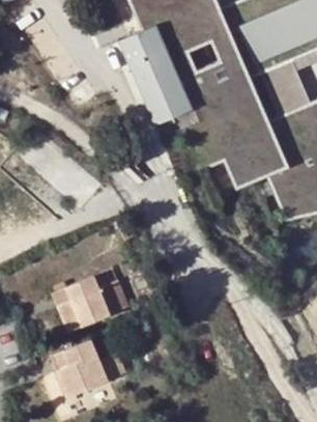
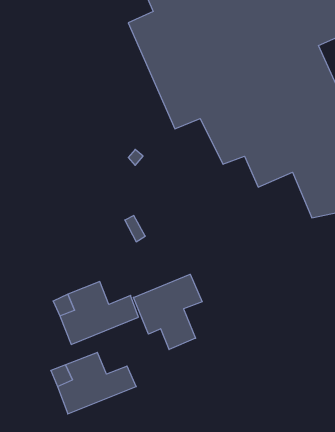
building: none -> [133,274,202,350]

